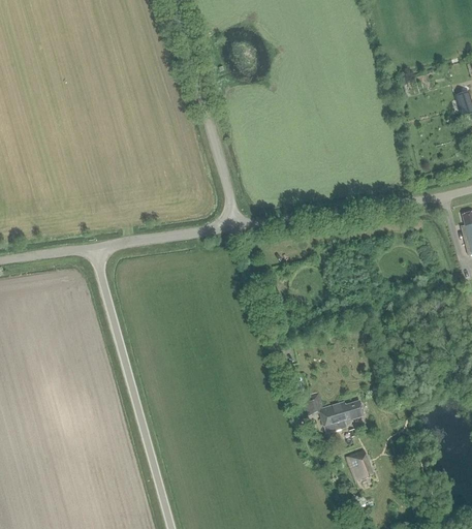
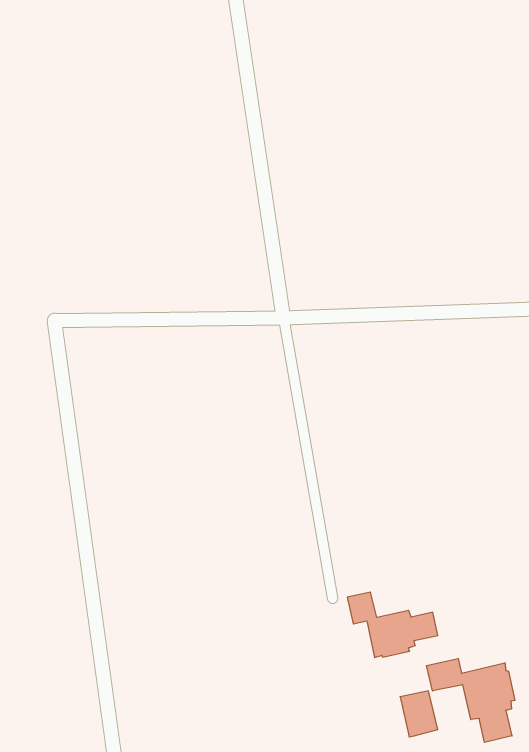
building: none -> [426,658,515,742]

